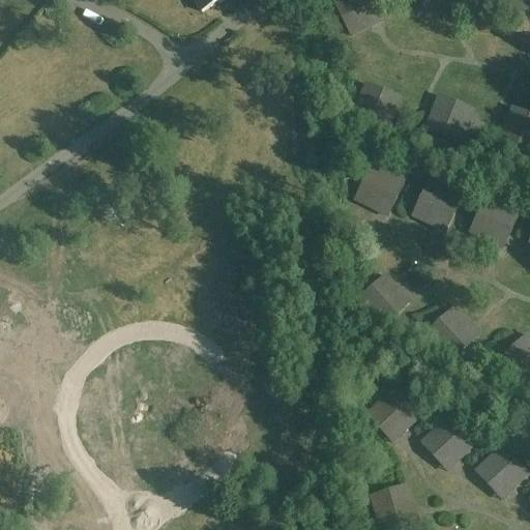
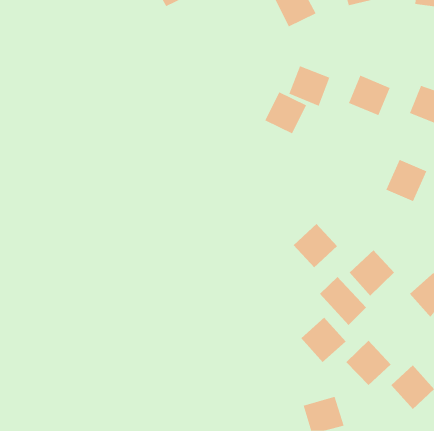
building: [354,161,406,213] -> [264,92,307,134]
building: [412,177,464,230] -> none
building: none -> [319,276,367,326]

